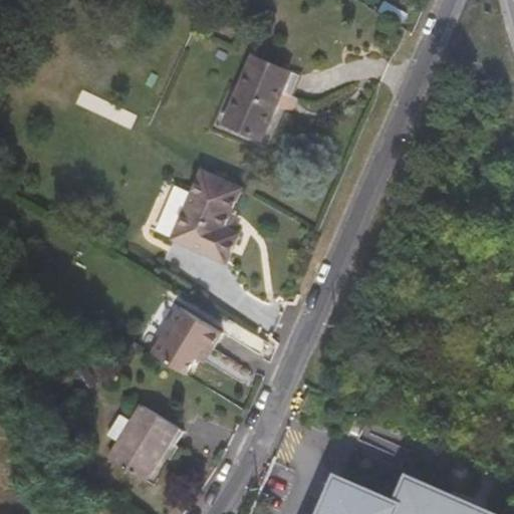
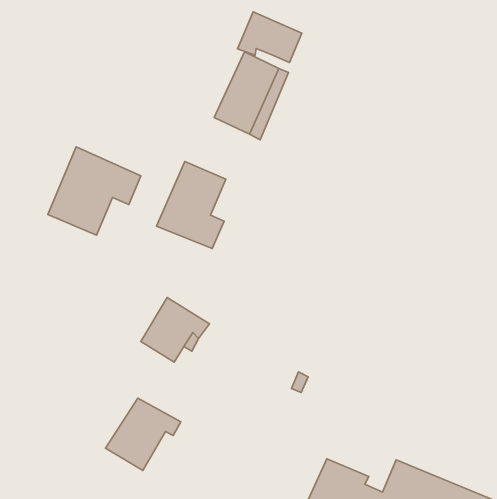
building: none -> [237,12,302,62]
building: none -> [48,147,141,235]

